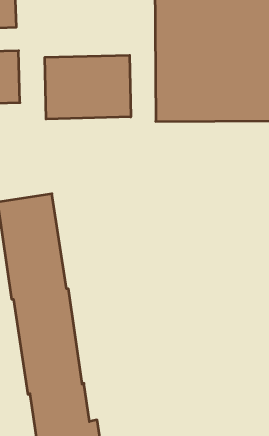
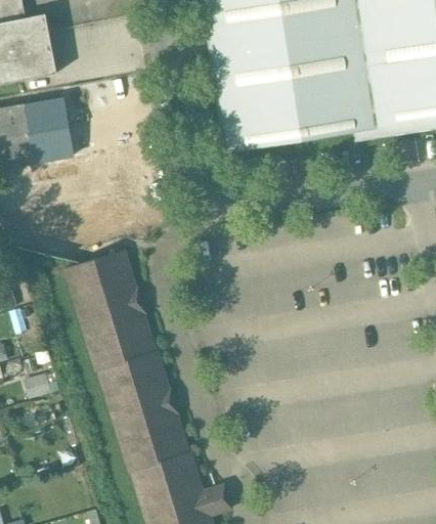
building: [45,55,131,119] -> none

